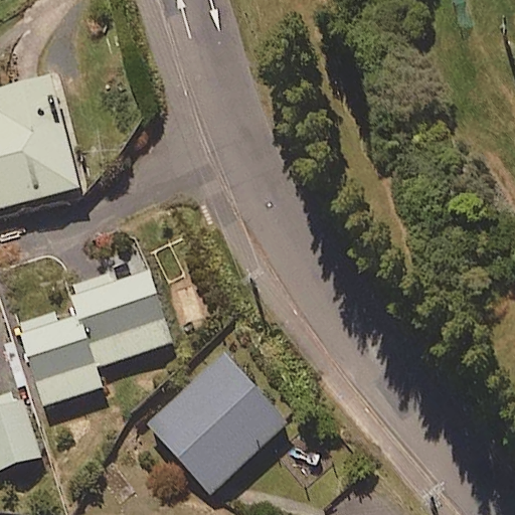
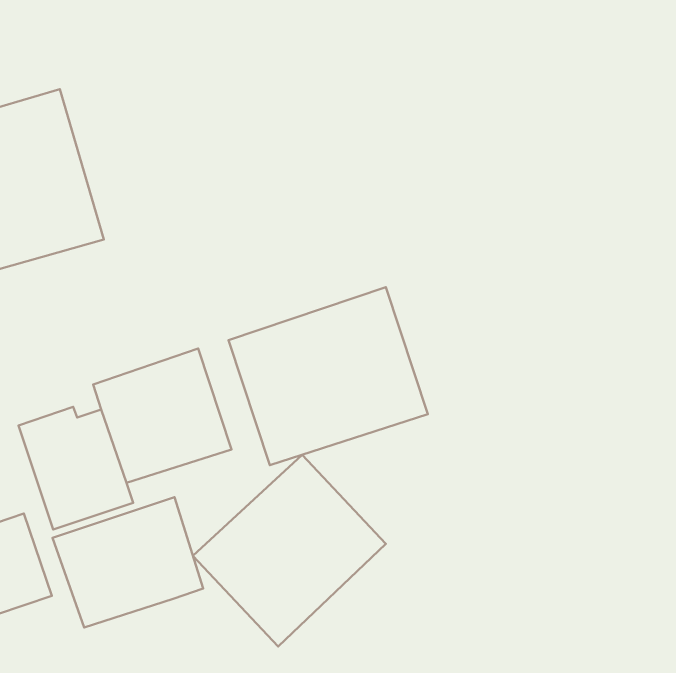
building: none -> [228,287,428,465]
building: none -> [53,497,203,628]

